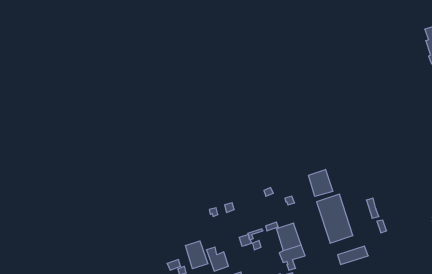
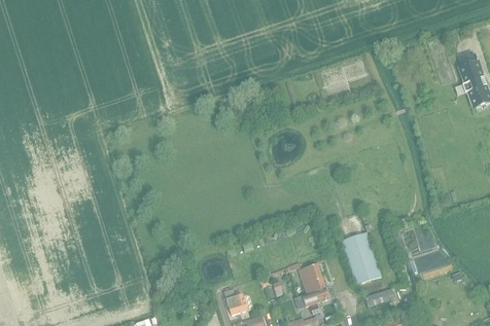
building: [308,169,333,196] -> none
building: [185,241,208,269] -> none

